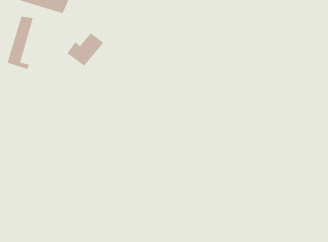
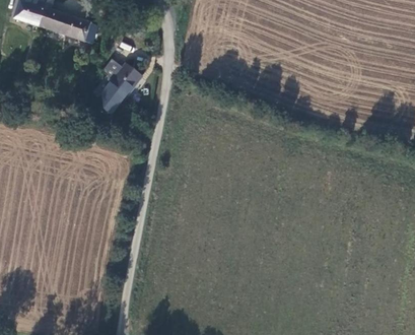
building: [7,16,33,70] -> none

